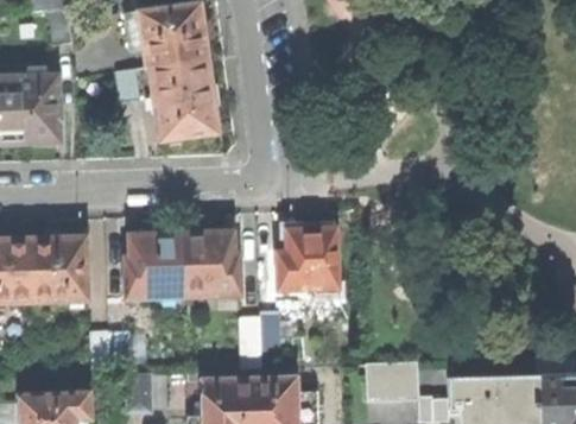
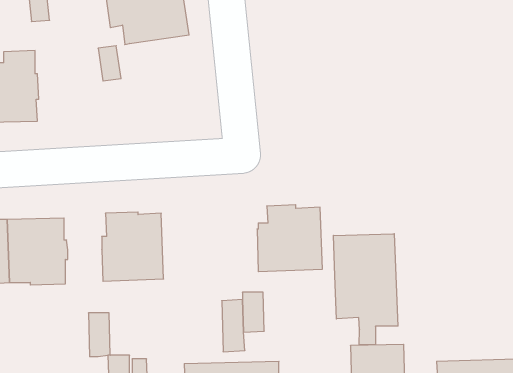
building: [150,57,219,140] -> none
building: [181,227,241,296] -> none
building: none -> [333,234,398,345]

